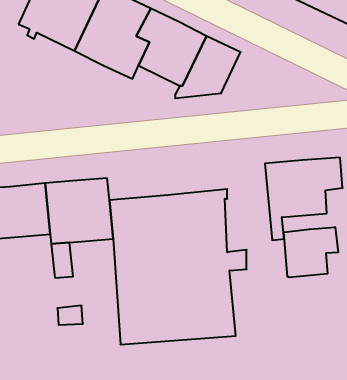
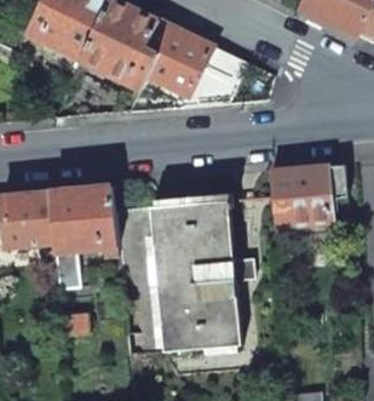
building: [284,227,338,277] -> none

